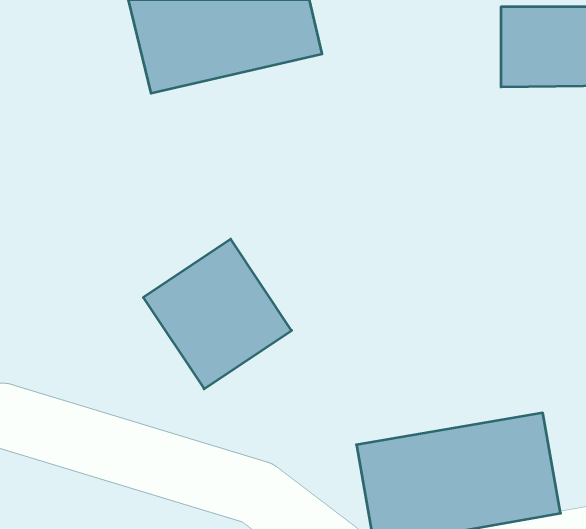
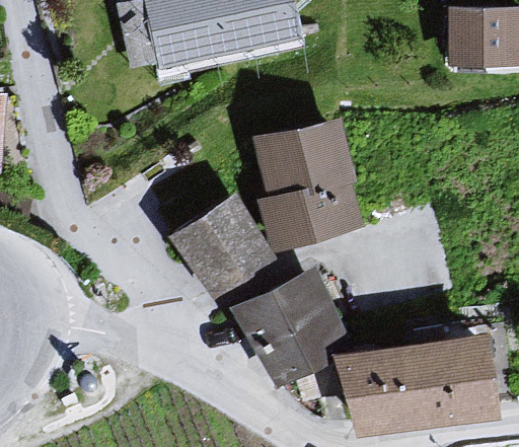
building: none -> [251,115,363,252]
building: none -> [231,268,349,378]

